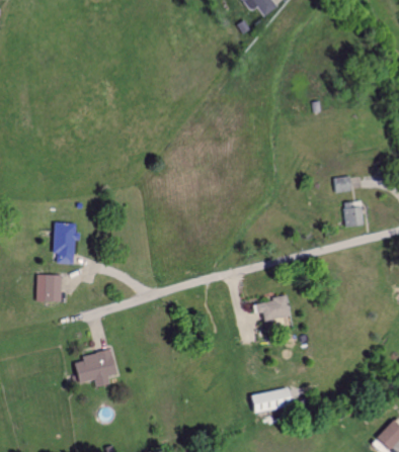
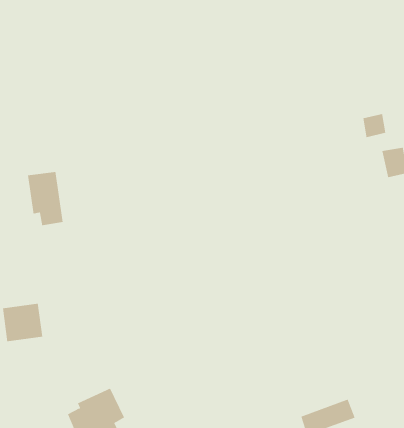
building: [52,222,75,263] -> [27,171,63,226]
building: [252,297,291,321] -> none

